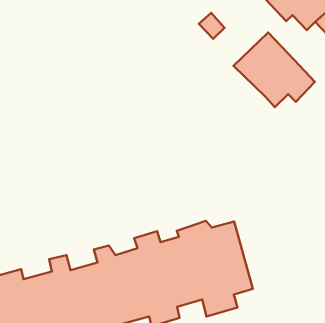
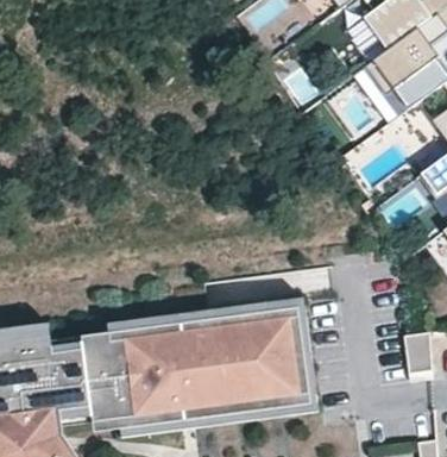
building: [233,33,315,107] -> none

